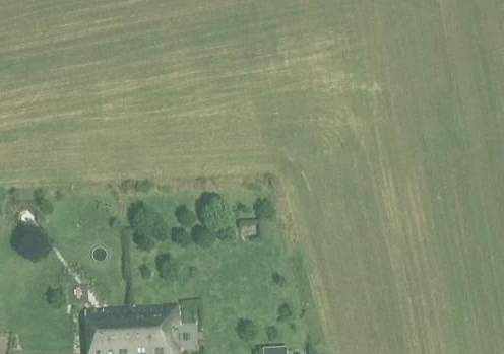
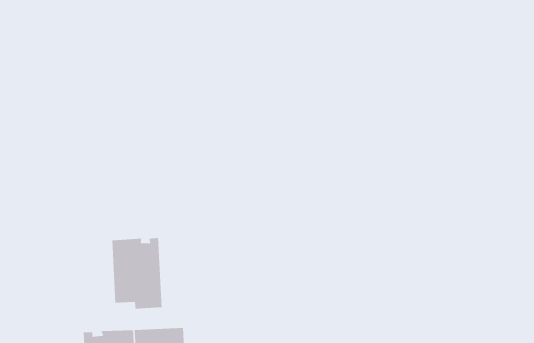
building: none -> [112,237,162,309]

